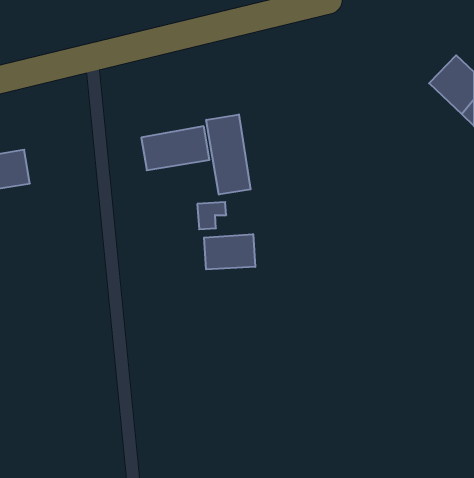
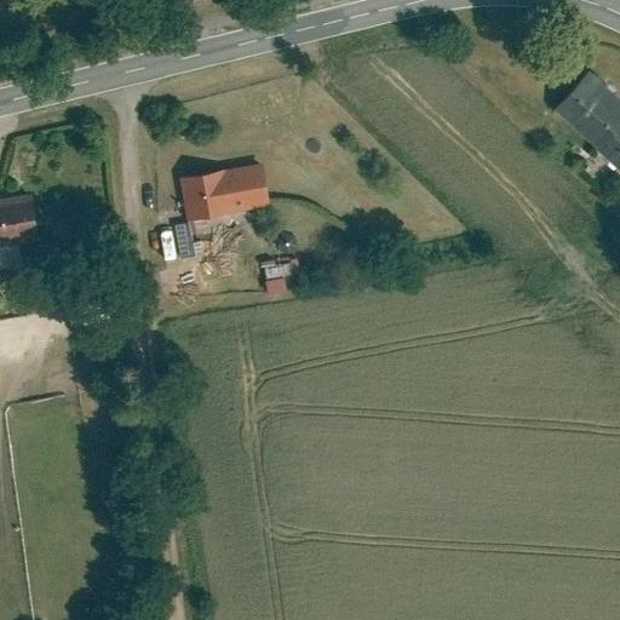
building: [206,114,251,195] -> none
building: [204,234,255,269] -> none

